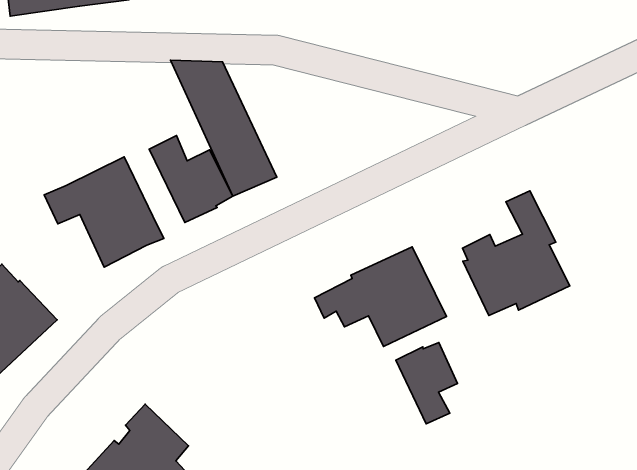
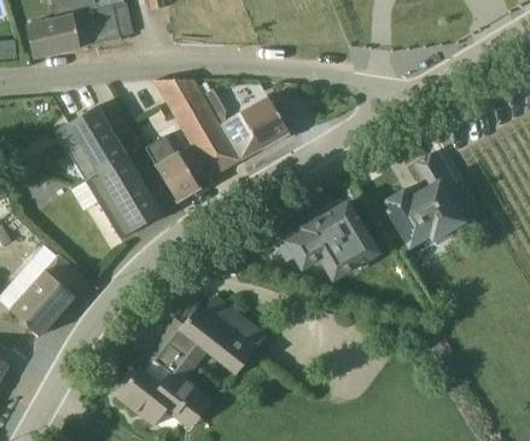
building: none -> [198,81,289,159]
building: none -> [56,104,141,180]
building: [396,343,457,424] -> none
building: none -> [159,295,266,373]

